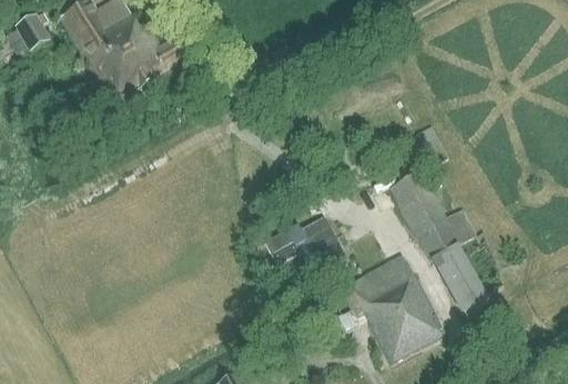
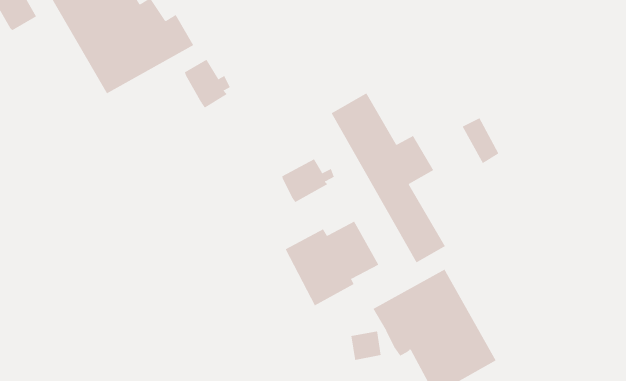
building: none -> [184,59,230,109]
building: none -> [282,158,334,203]
building: [390,170,489,316] -> [331,92,446,263]

